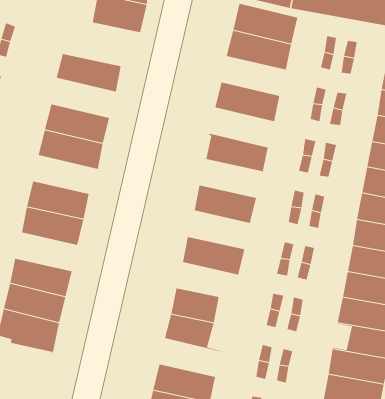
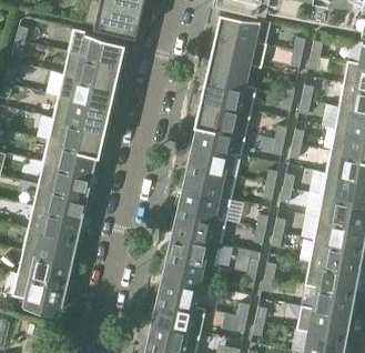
building: none -> [69,29,125,63]
building: none -> [205,54,262,89]
building: none -> [59,73,115,108]
building: none -> [195,99,252,133]
building: none -> [43,140,100,173]
building: none -> [186,143,242,176]
building: none -> [176,188,231,221]
building: none -> [28,206,82,240]
building: none -> [166,232,221,262]
building: none -> [152,297,206,331]

